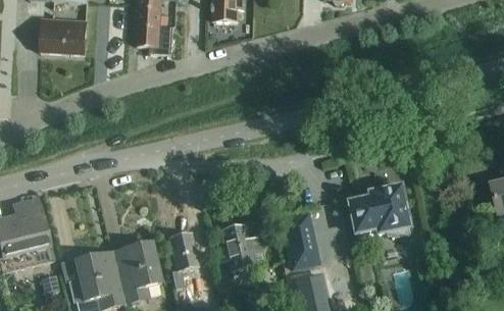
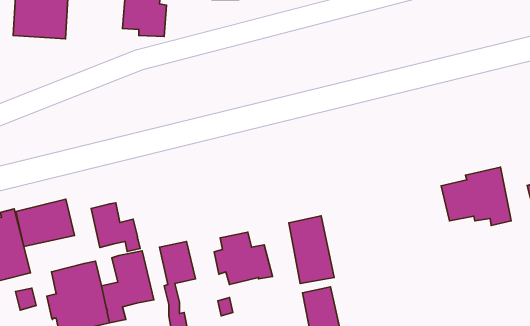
building: [348,185,409,236] -> [441,167,511,225]
building: none -> [16,199,75,247]
building: none -> [91,203,140,252]

